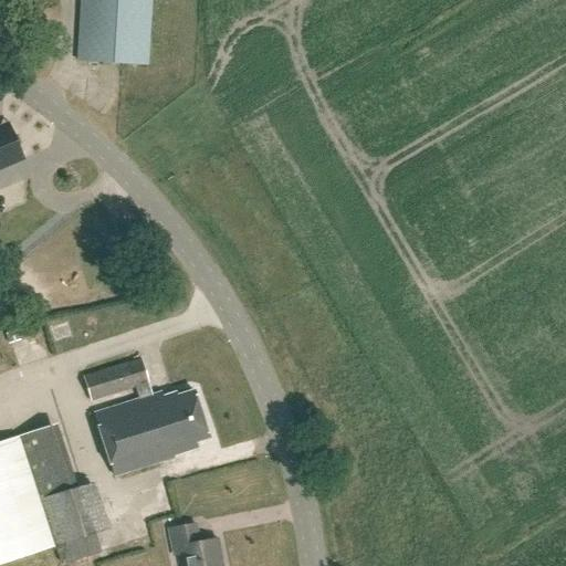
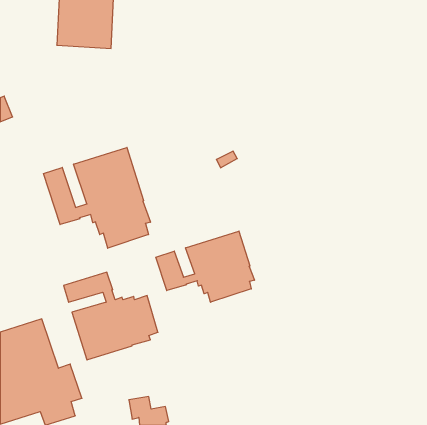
building: none -> [44,147,150,248]
building: none -> [156,231,254,302]

